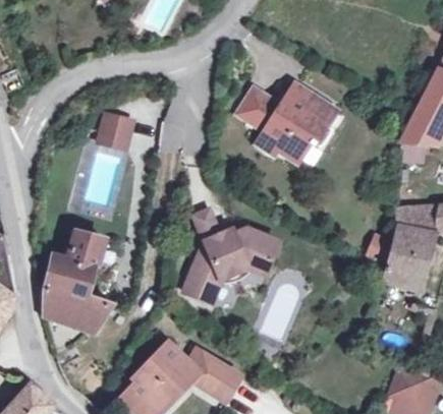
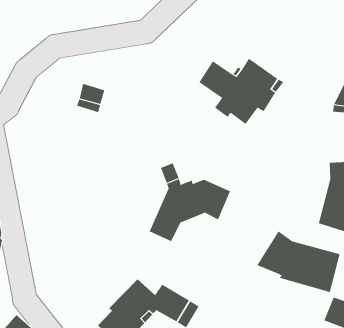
building: [43,233,113,332] -> none
building: none -> [257,230,340,293]

